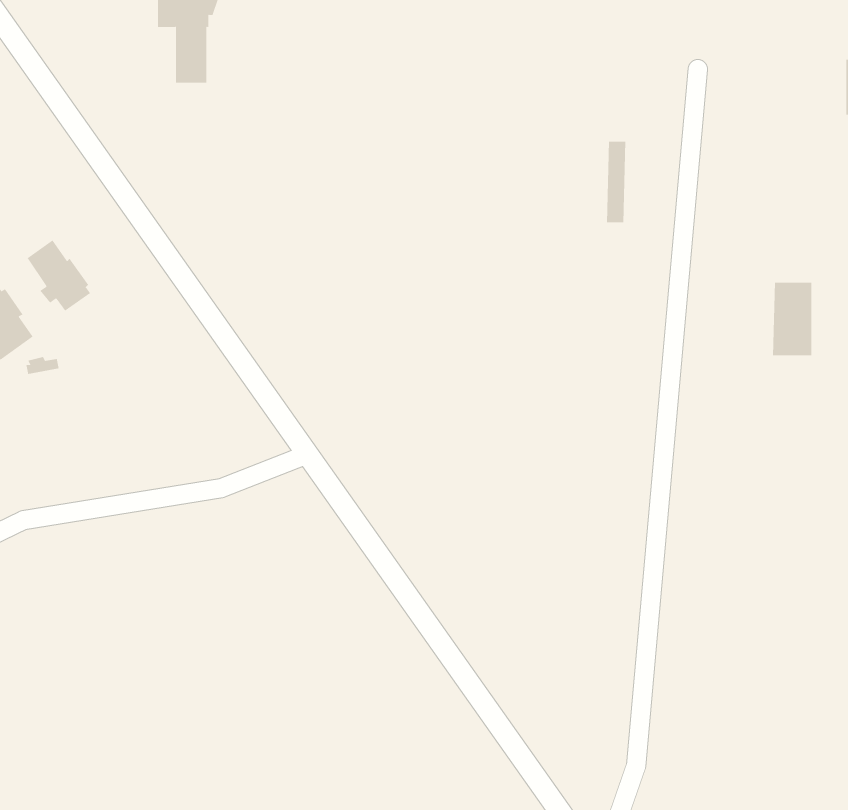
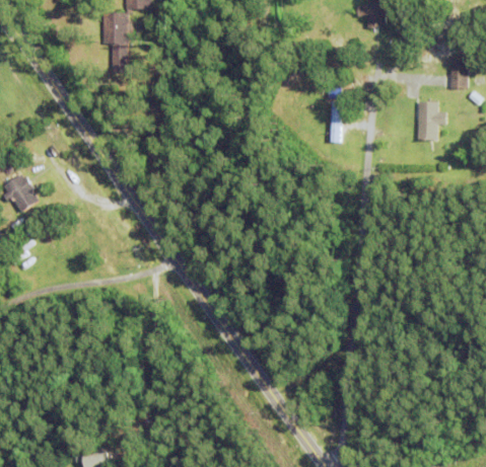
building: [27,240,91,311] -> none
building: [772,282,812,356] -> [419,102,439,140]

